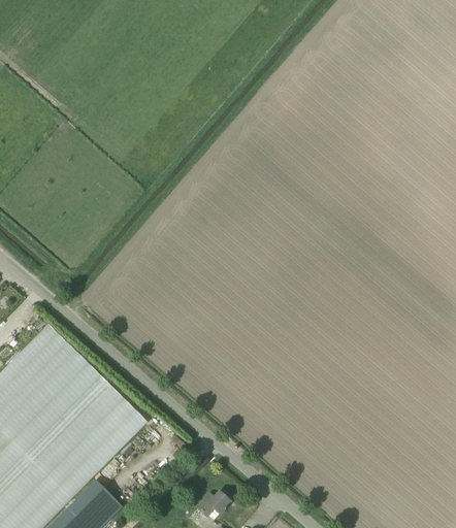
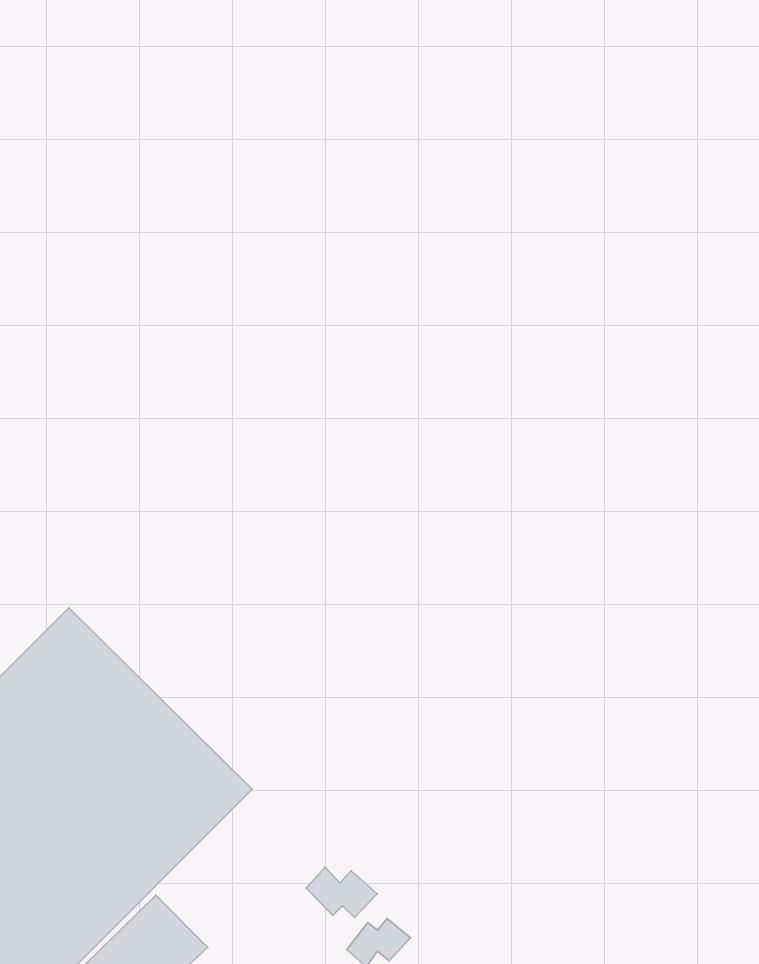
building: none -> [306,867,377,917]

